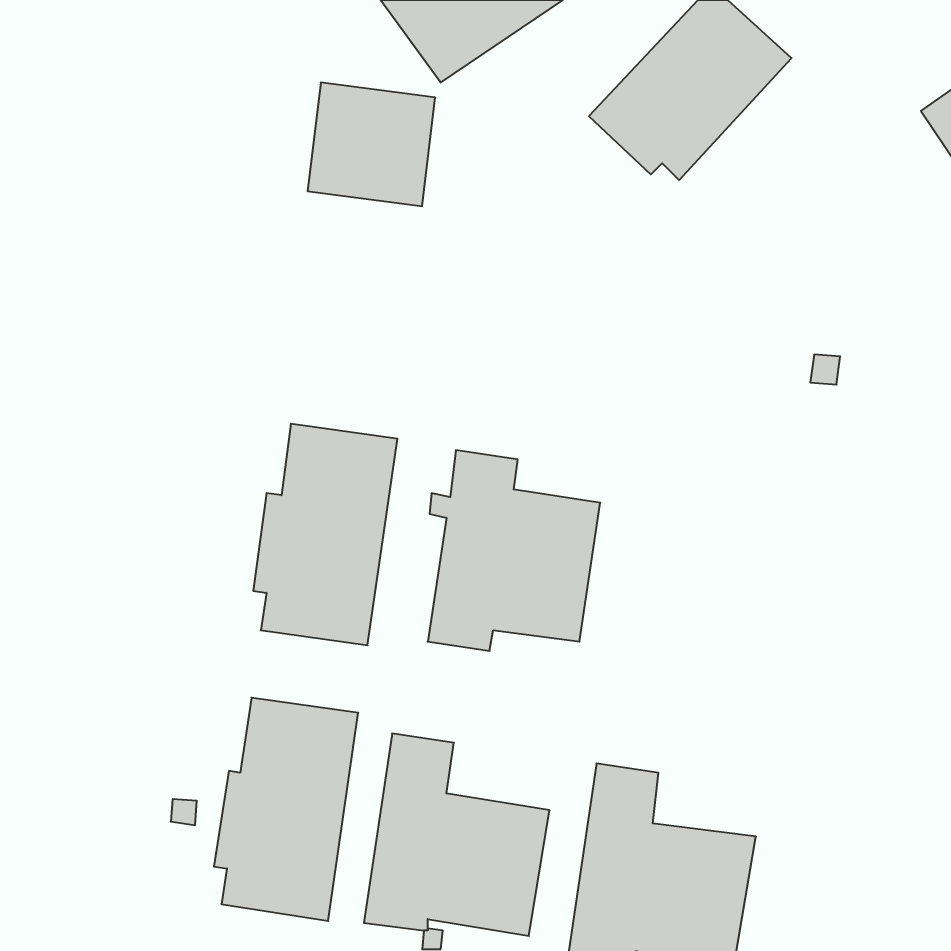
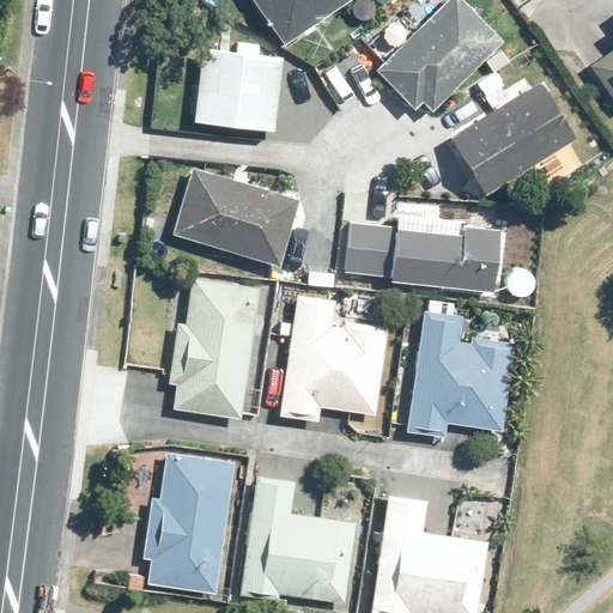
building: none -> [456,89,581,200]
building: none -> [178,176,303,271]
building: none -> [344,208,500,293]
building: none -> [405,309,514,435]

